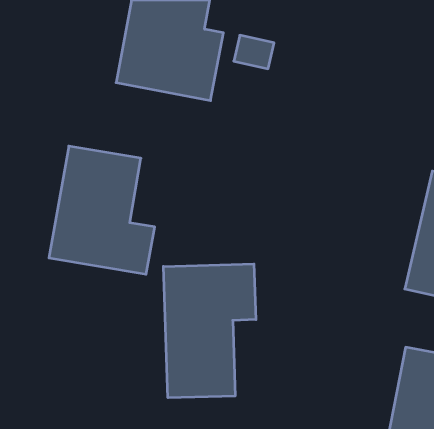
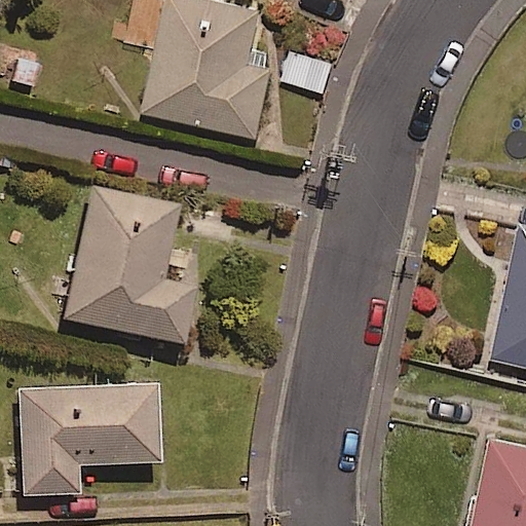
building: [163,264,256,398] -> none
building: none -> [20,383,156,500]

